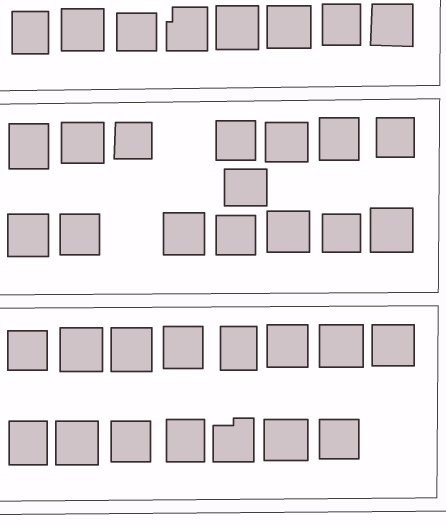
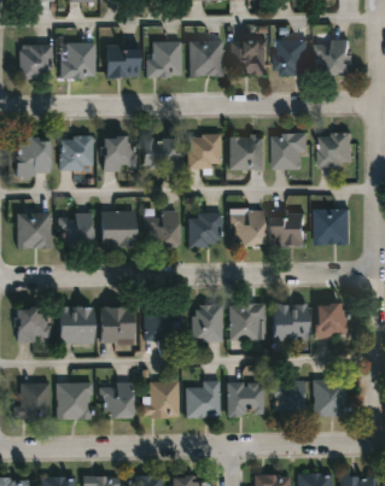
building: [225,169,267,206] -> [144,137,179,168]
building: none -> [101,211,136,247]
building: none -> [314,380,350,416]

